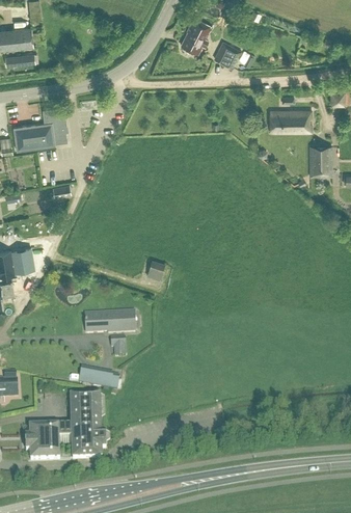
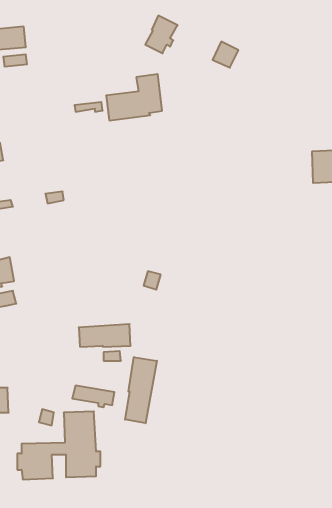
building: [182,17,213,53] -> [145,16,178,53]
building: [14,106,68,151] -> [106,74,162,120]
building: [270,110,312,133] -> none
building: none -> [125,357,157,423]

